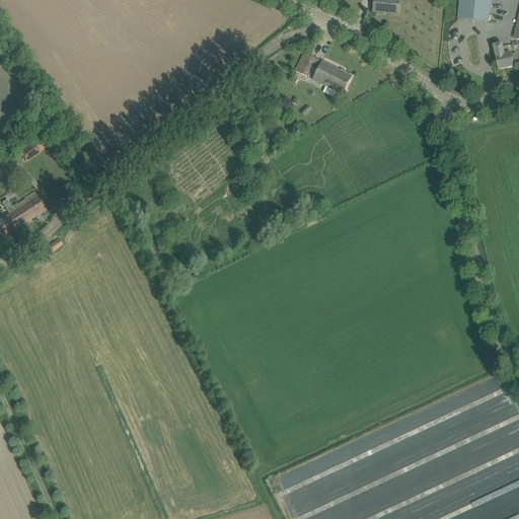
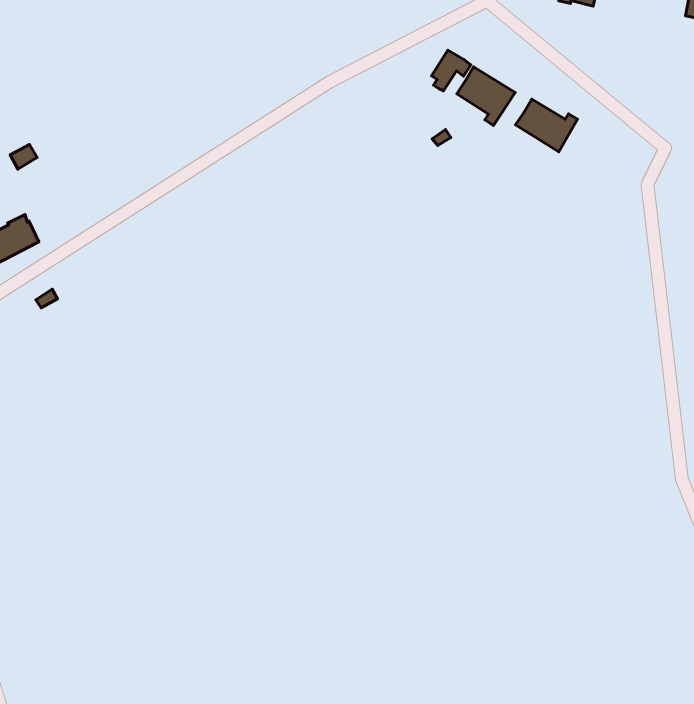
building: none -> [515,99,578,152]

